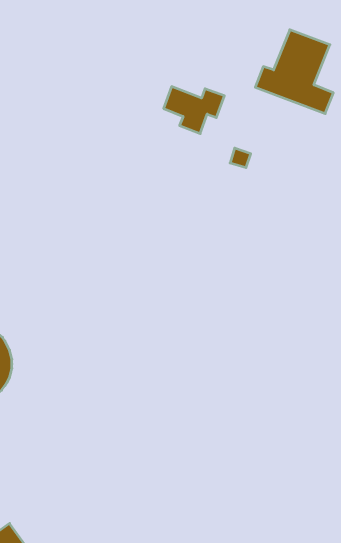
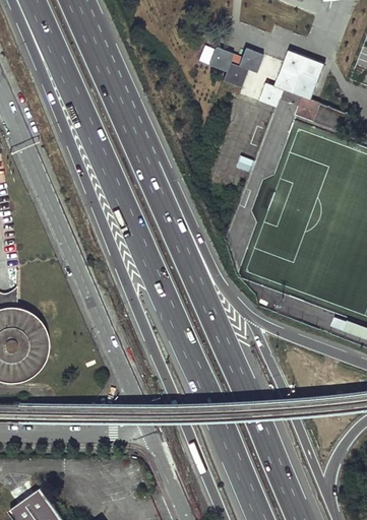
building: [164,87,224,134] -> [208,48,262,89]

